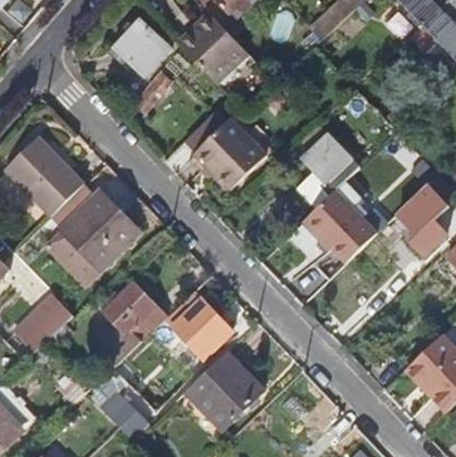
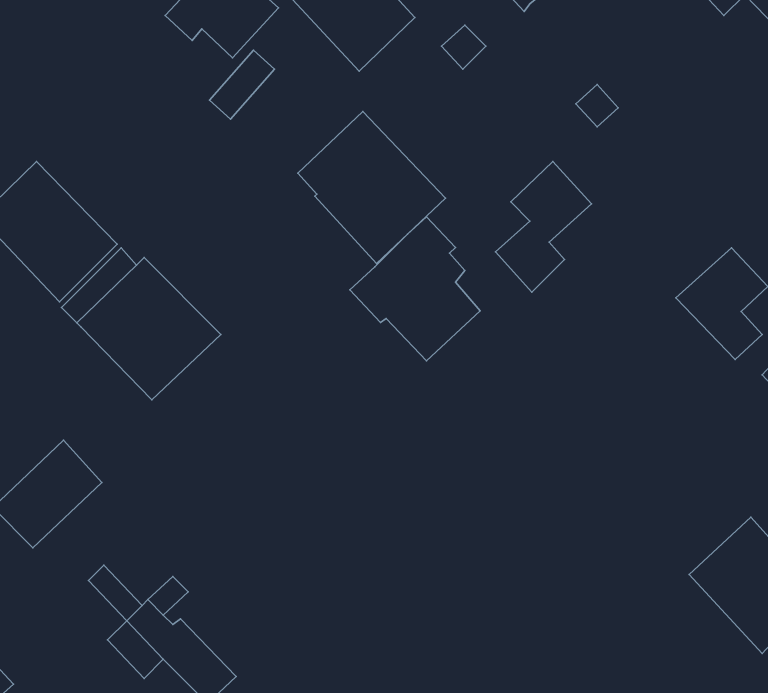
building: [302,180,376,262] -> [350,217,480,361]
building: [43,228,101,287] -> none
building: [104,282,166,356] -> none
building: [172,297,233,359] -> none
building: [183,351,263,430] -> none

